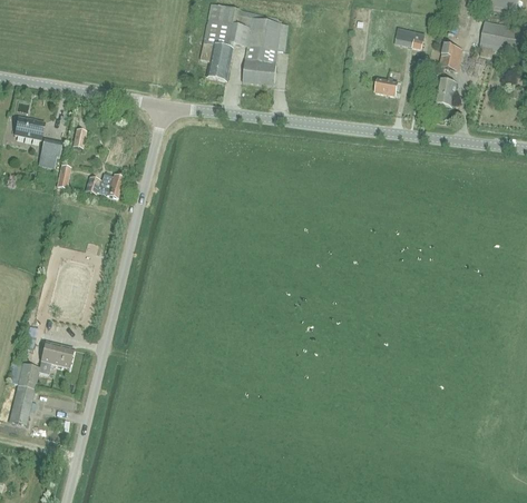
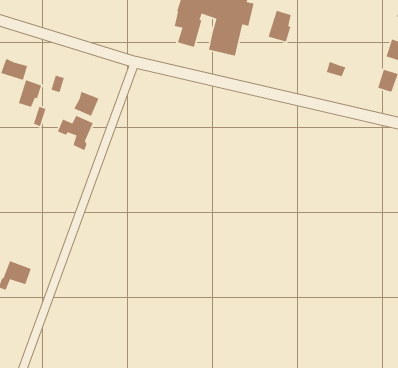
building: [394,27,424,49] -> none
building: none -> [267,10,292,42]
building: none -> [73,91,100,117]

